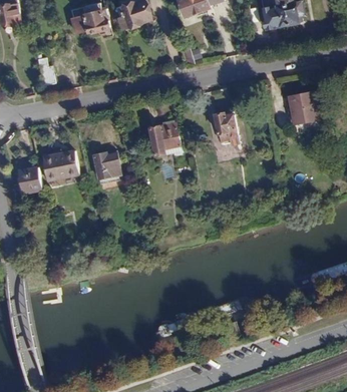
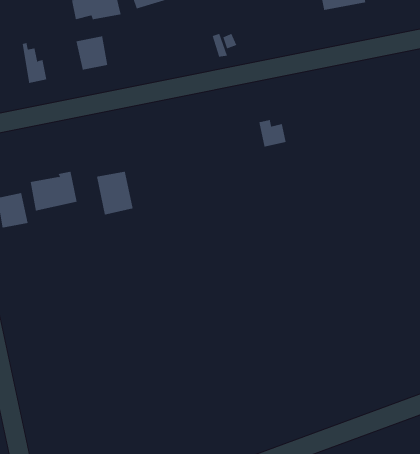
building: none -> [76,36,108,70]
building: [287,91,317,122] -> none
building: [149,121,181,154] -> none

